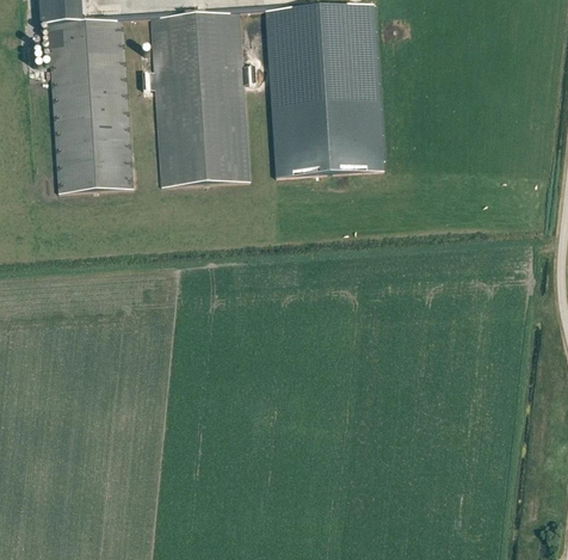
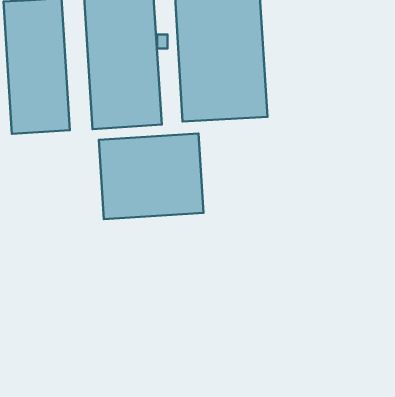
building: none -> [99,134,203,219]

